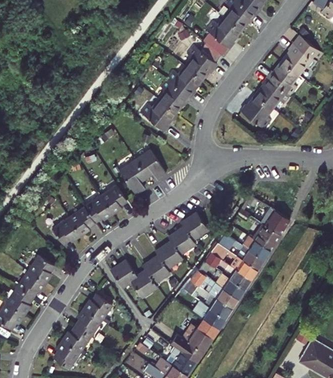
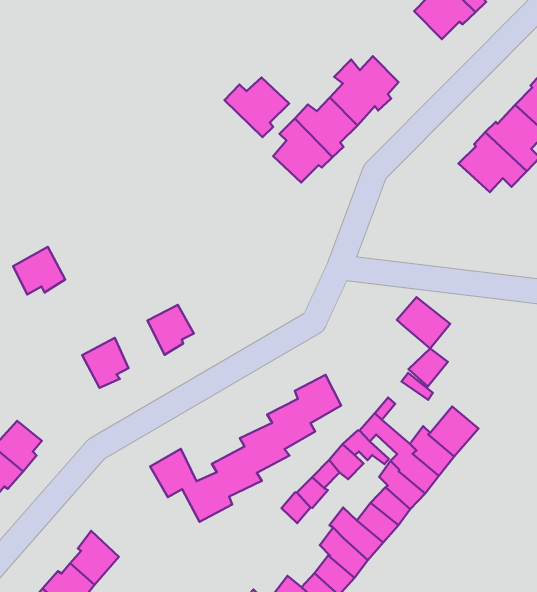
building: [201,19,239,59] -> none
building: [240,96,273,131] -> none
building: [140,103,174,134] -> [224,77,289,137]
building: [119,148,167,194] -> none
building: [86,196,113,222] -> none
building: [262,207,290,233] -> [397,297,450,348]
building: [53,218,81,244] -> [13,247,65,294]
building: [85,295,112,321] -> none

